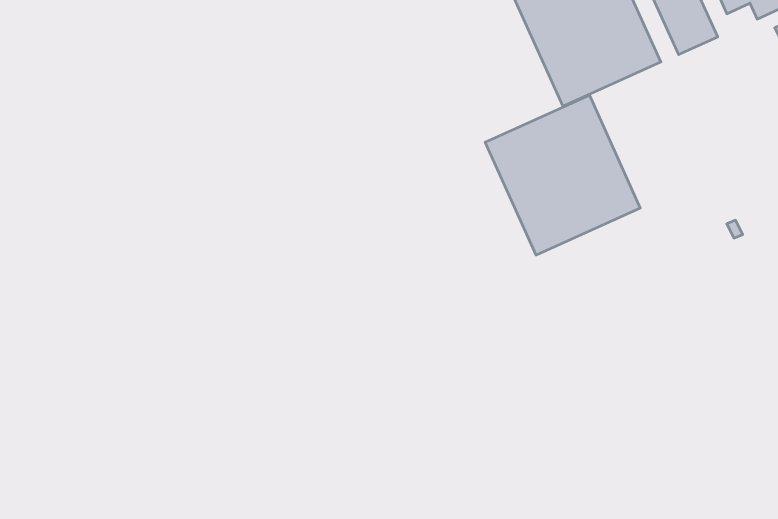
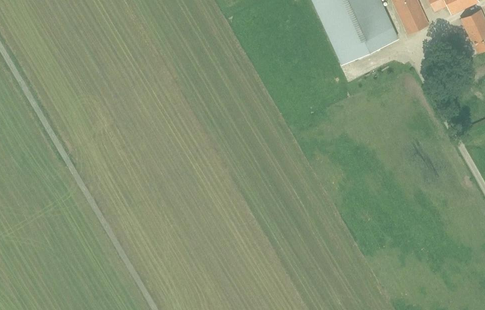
building: [485,95,640,255] -> none

